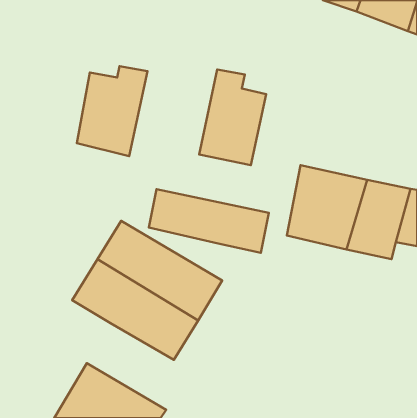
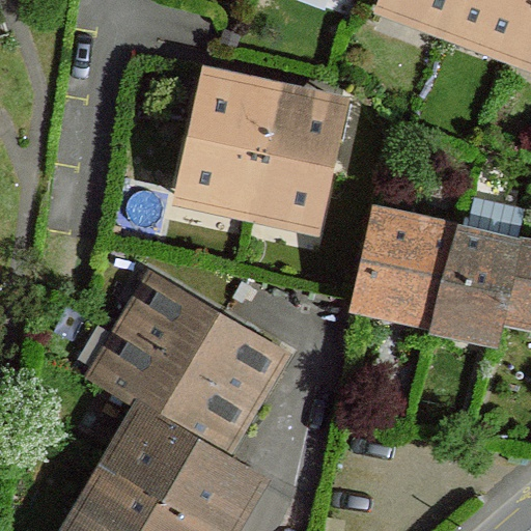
building: [77,66,147,156] -> [186,82,275,196]
building: [149,189,269,253] -> none
building: none -> [110,410,250,526]

